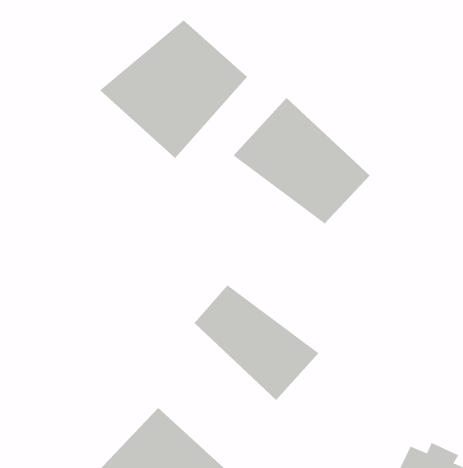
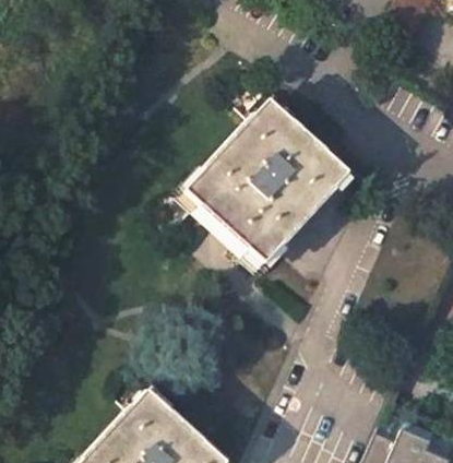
building: [99,19,248,159] -> none
building: [193,284,319,401] -> [188,158,306,268]

